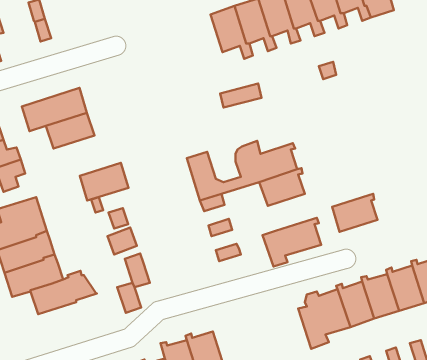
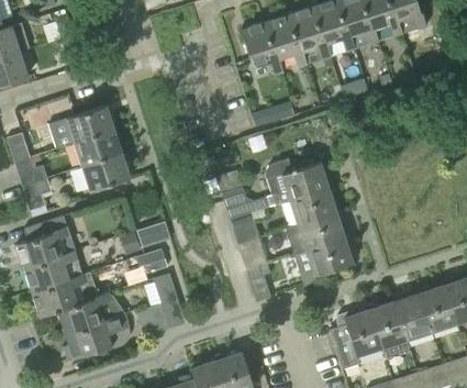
building: [80,163,128,201] -> [81,154,131,192]
building: [332,194,378,232] -> [299,212,345,251]
building: none -> [63,314,130,362]

